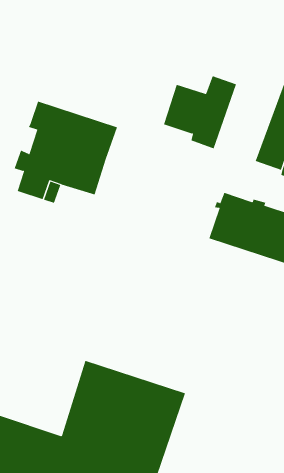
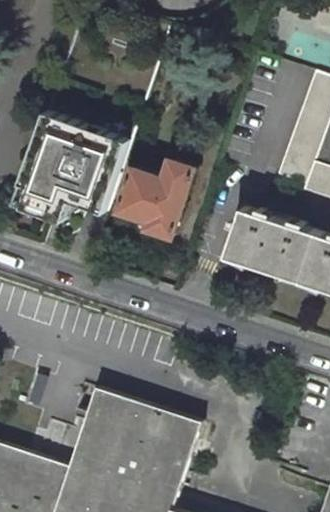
building: [163,76,237,149] -> [118,161,196,239]

